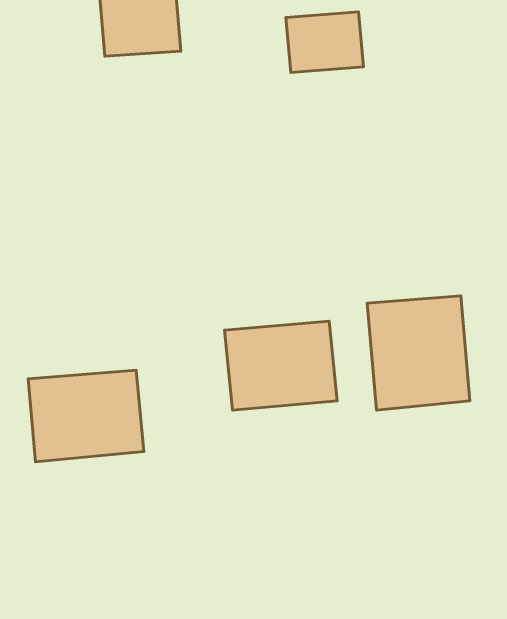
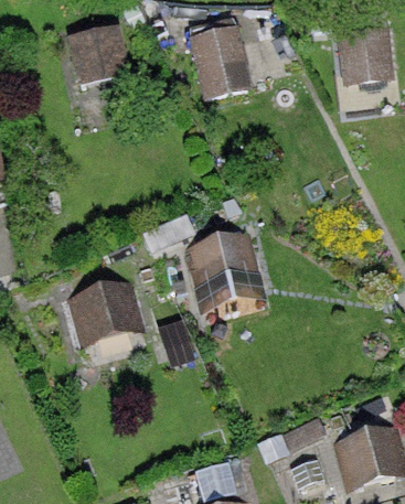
building: [367,296,470,410] -> none

